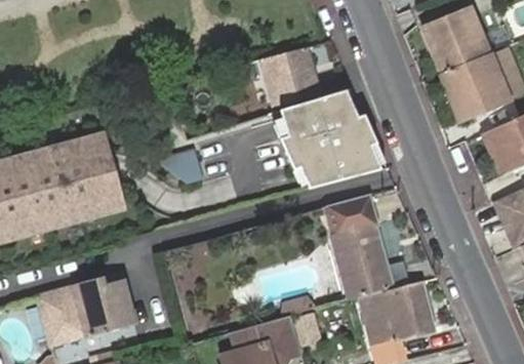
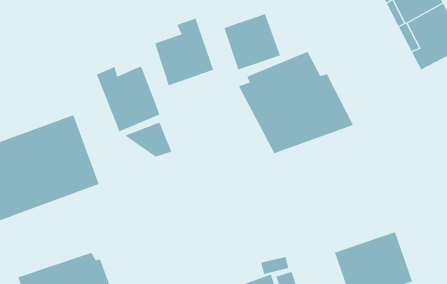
building: none -> [154,18,214,86]
building: none -> [96,66,160,132]
building: [326,193,394,296] -> none

